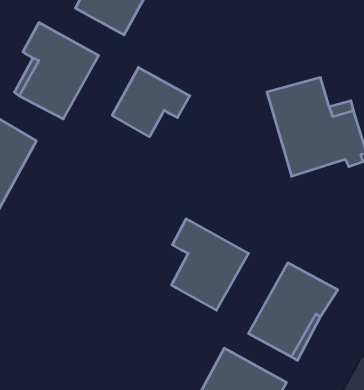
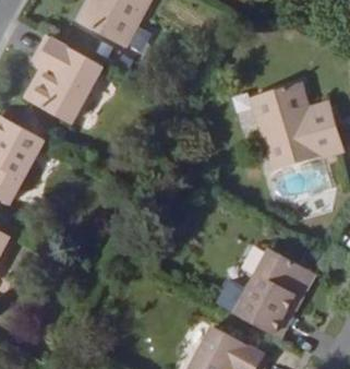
building: [112,67,190,137] -> none
building: [172,219,249,310] -> none

